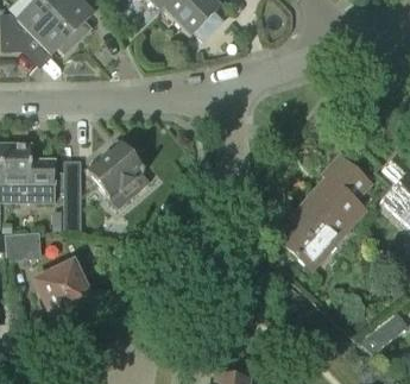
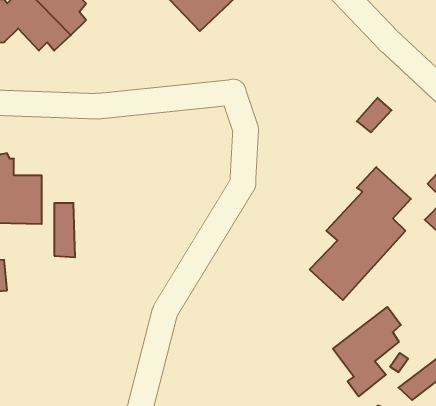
building: [86,141,147,206] -> none
building: [34,263,90,322] -> none
building: none -> [333,307,401,396]

